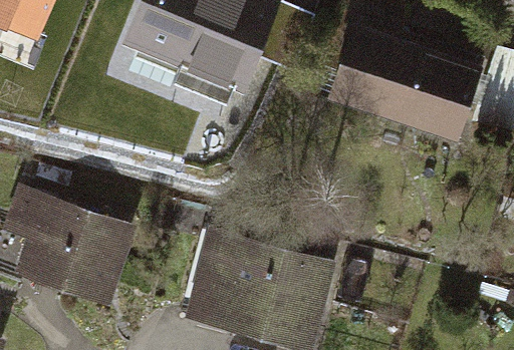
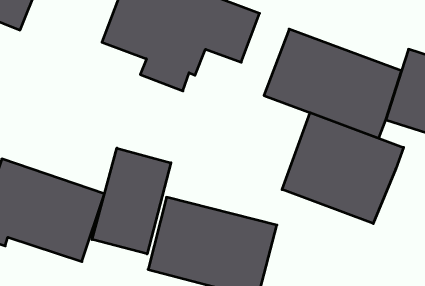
building: none -> [282,113,404,224]
building: none -> [92,148,171,254]

